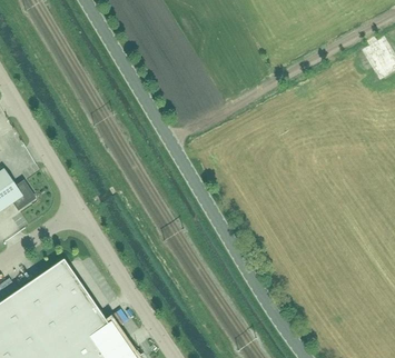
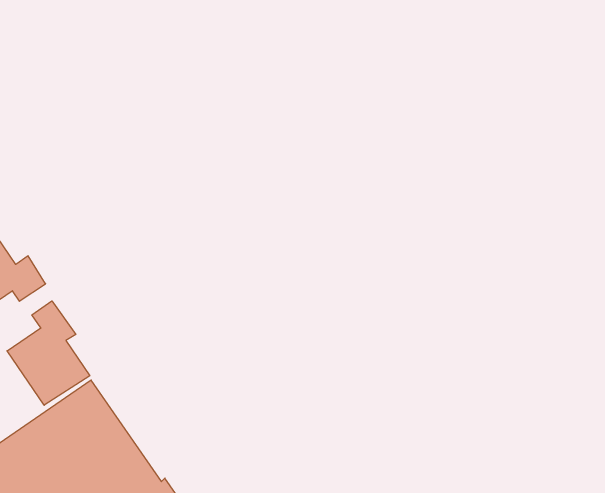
building: none -> [7,301,90,405]

